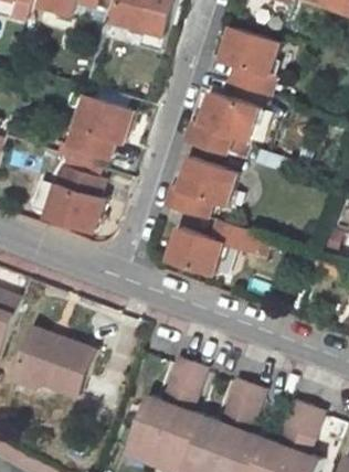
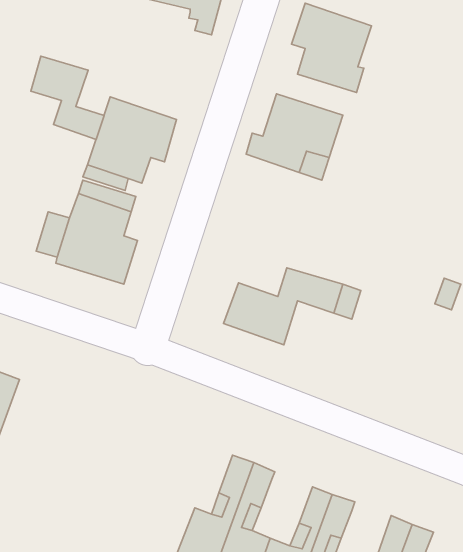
building: none -> [31,56,104,139]
building: [162,157,234,215] -> none
building: [11,330,92,397] -> none

